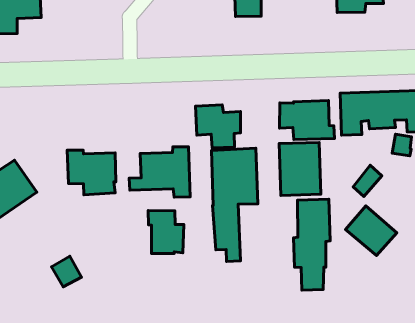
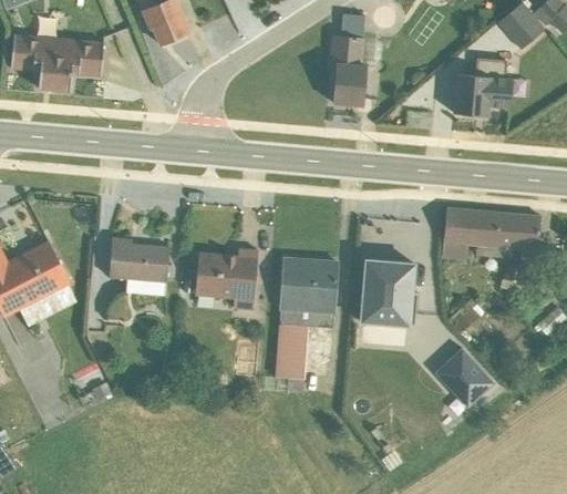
building: [279,100,335,140] -> none
building: [196,105,241,148] -> none
building: [293,199,330,290] -> none
building: [148,211,184,254] -> none

